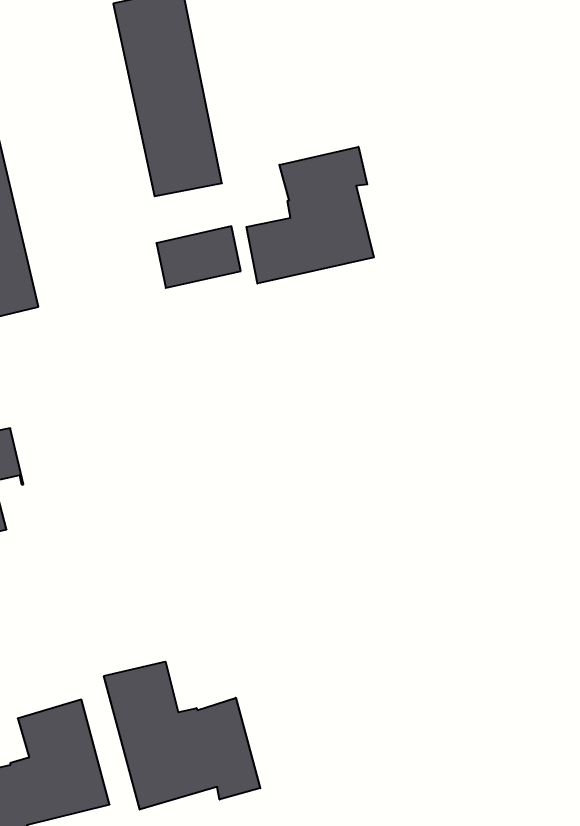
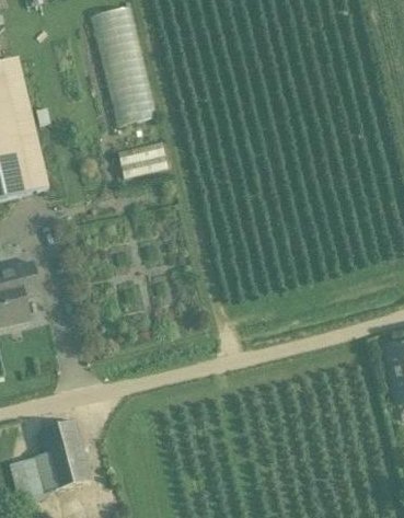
building: [246,147,374,284] -> none
building: [104,662,260,810] -> none

